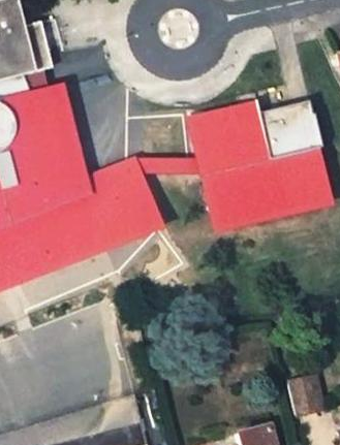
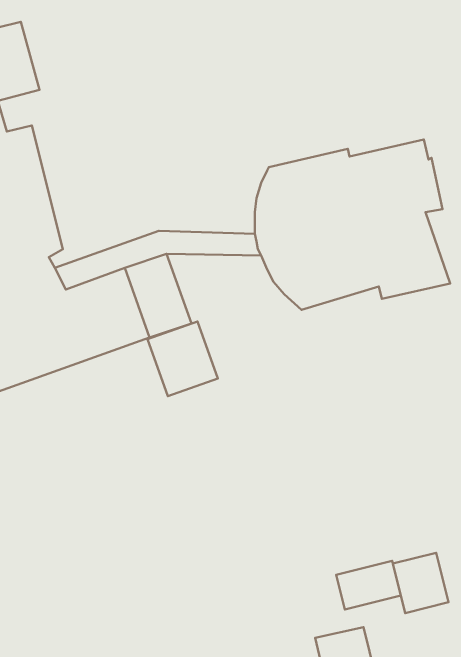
building: none -> [148,321,218,396]
building: none -> [336,561,401,610]

